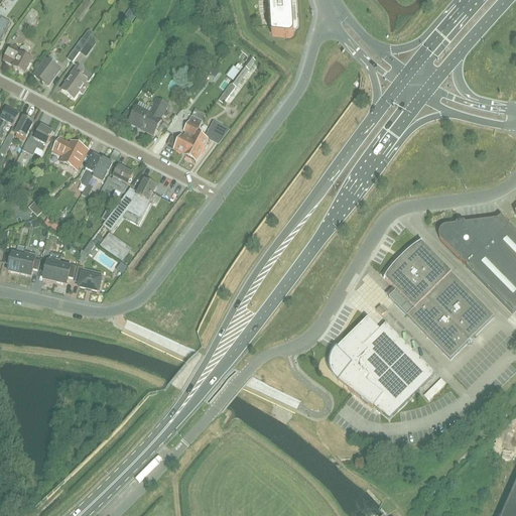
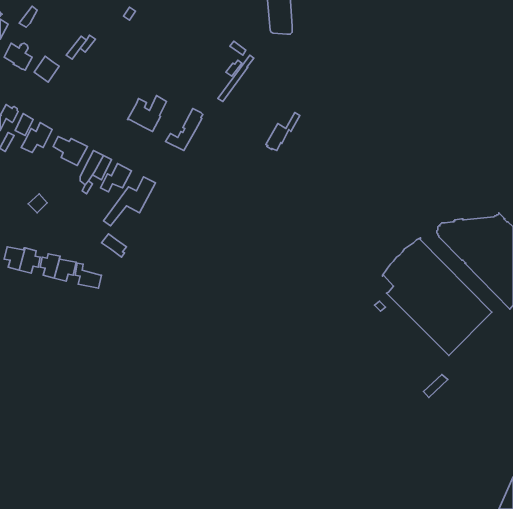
building: [61,63,89,97] -> none
building: [184,119,219,157] -> [266,113,300,151]
building: [332,316,435,416] -> none

